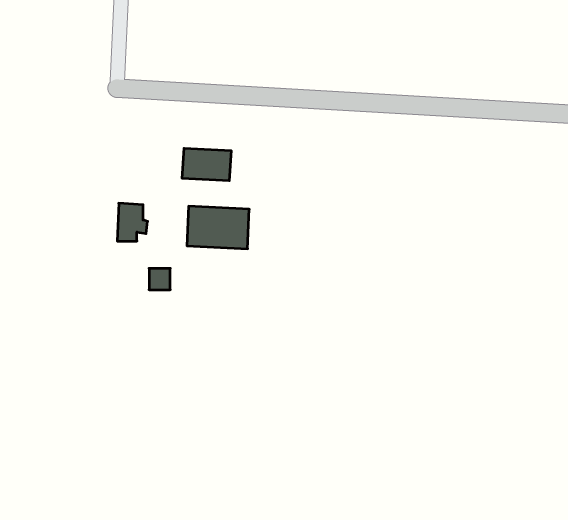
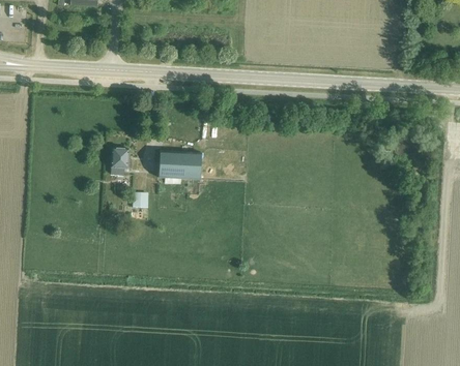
building: [182,148,231,181] -> none

